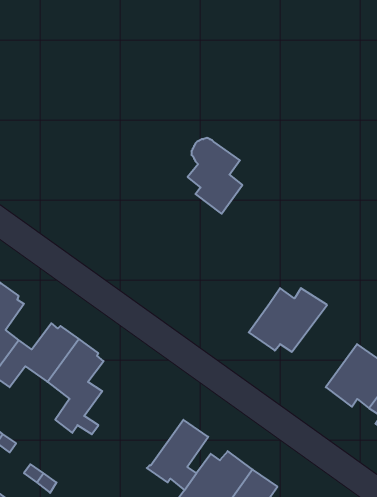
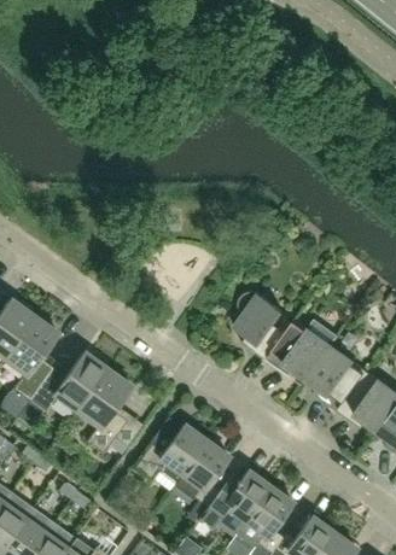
building: [188,138,242,214] -> [235,291,286,361]
building: none -> [307,345,367,411]
building: none -> [134,425,206,484]

